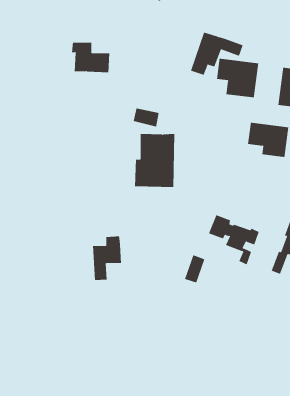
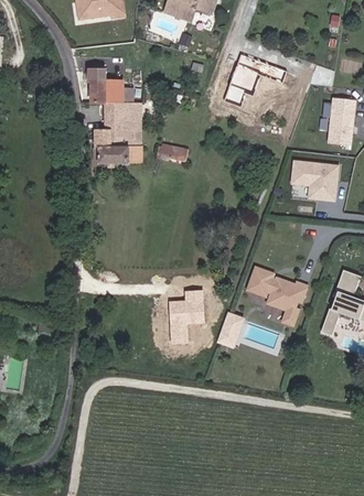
building: [217,58,259,98] -> none
building: [134,133,175,188] -> [97,101,144,164]
building: [92,236,122,281] -> [169,291,203,343]

